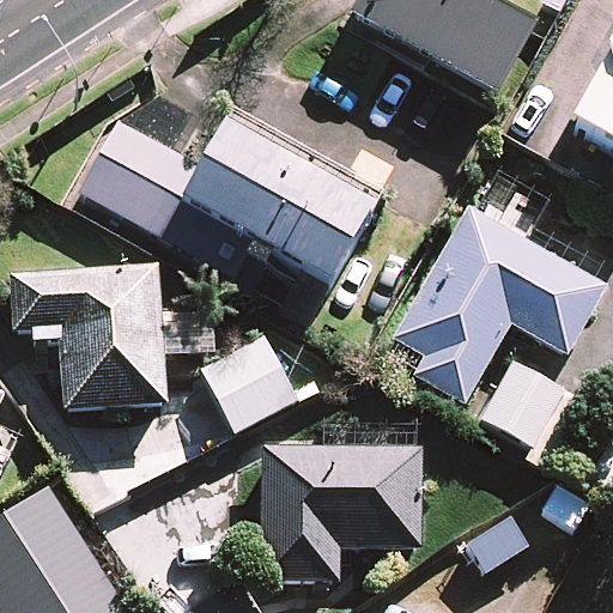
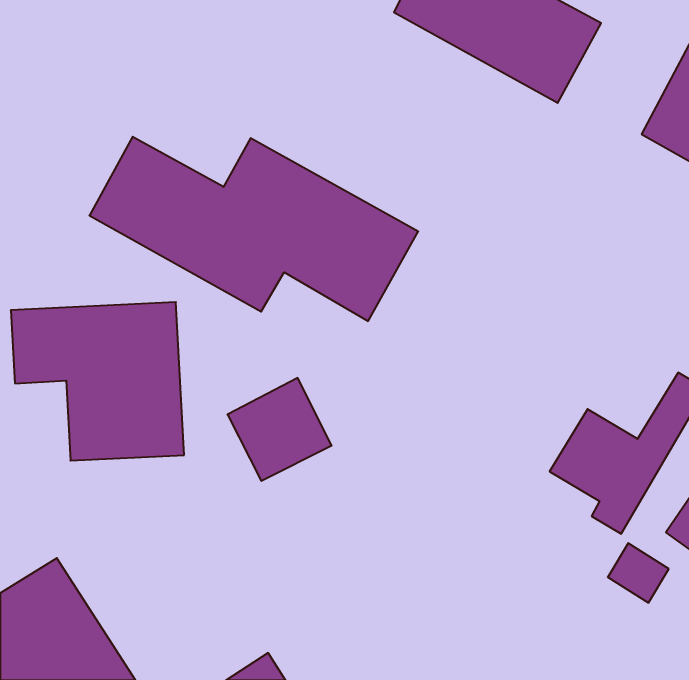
building: [393,207,605,401] -> none
building: [261,408,419,578] -> none

